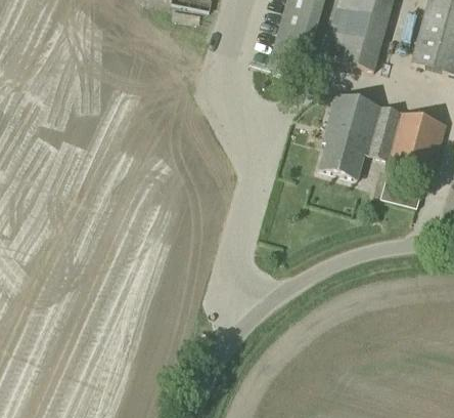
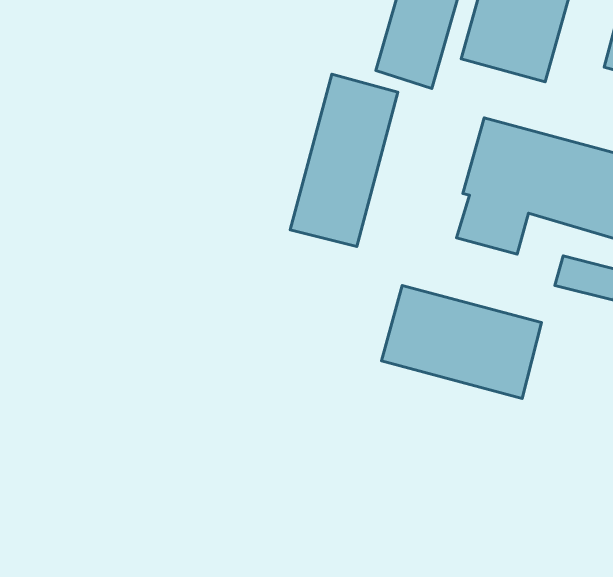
building: none -> [290,74,398,247]
building: none -> [382,286,542,399]

